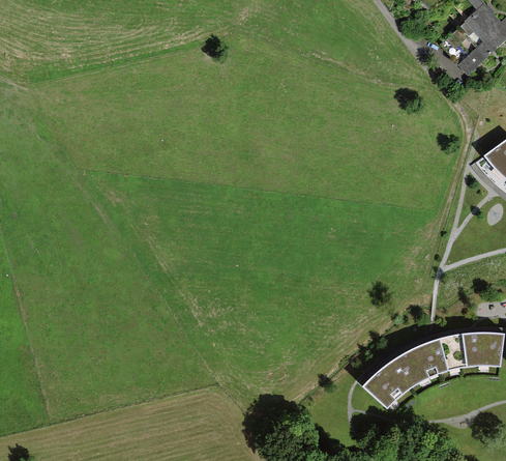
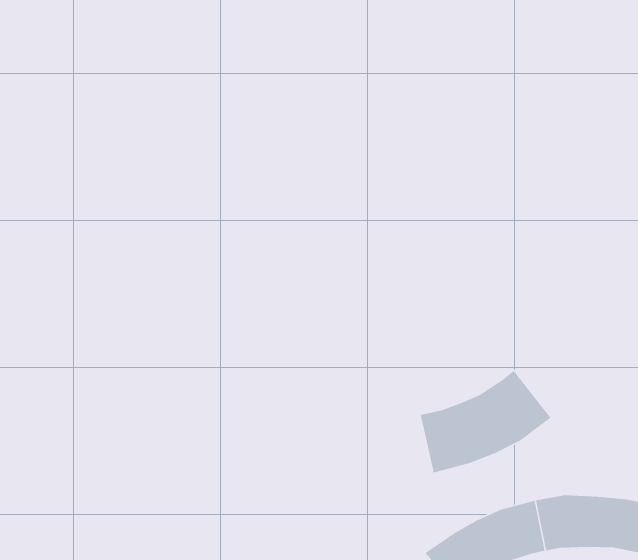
building: none -> [420,370,552,474]

